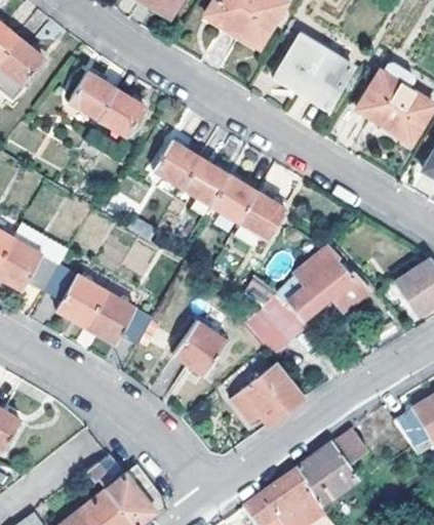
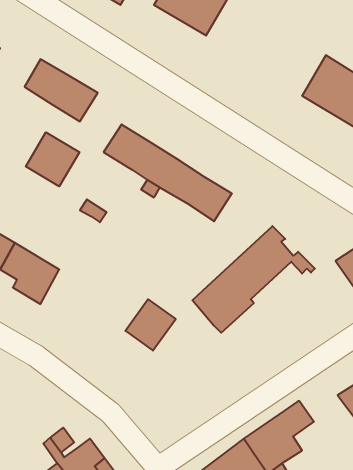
building: [274,36,352,112] -> none
building: none -> [26,132,79,186]
building: [86,290,154,344] -> none
building: [232,362,306,425] -> none

